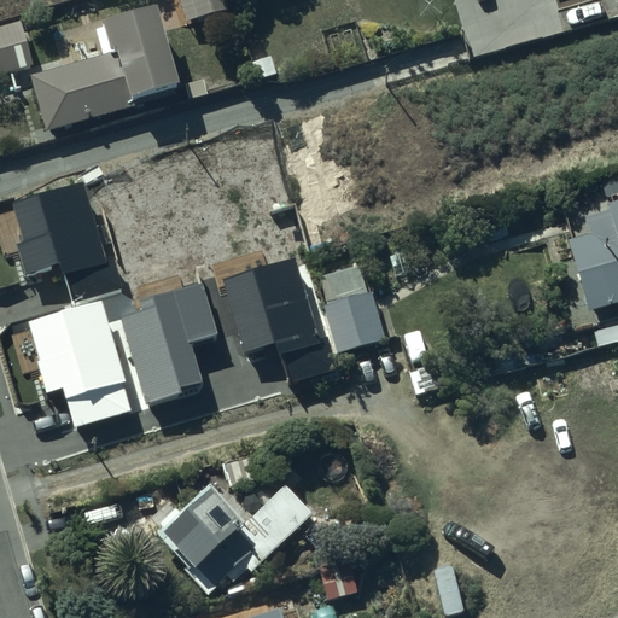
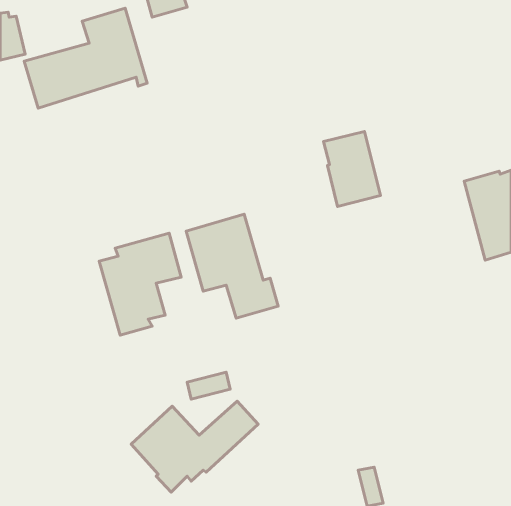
building: [14,180,126,303] -> none
building: [319,261,387,351] -> [323,132,380,207]
building: [29,301,129,428] -> none

